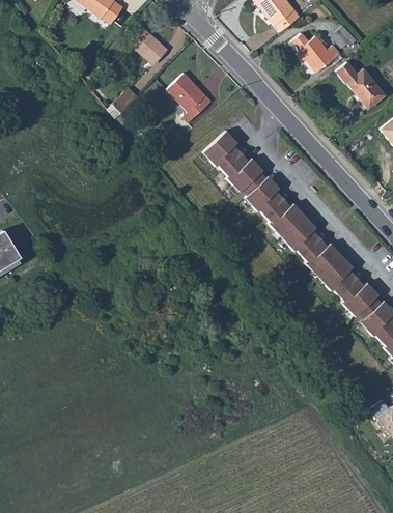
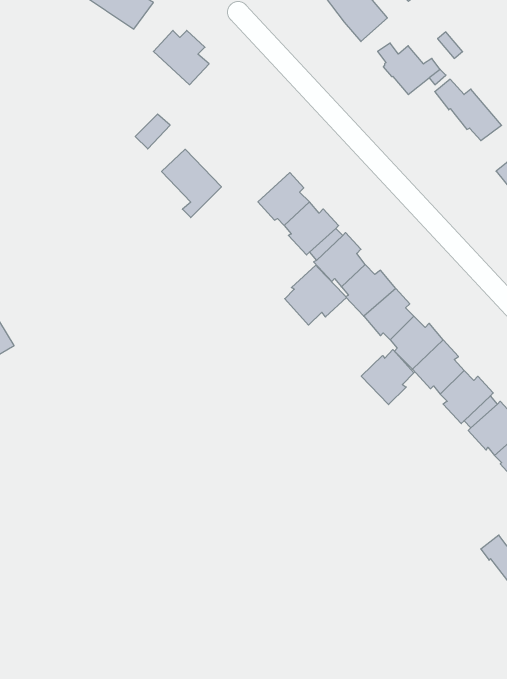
building: [166,73,210,123] -> [162,149,221,218]
building: none -> [285,265,346,325]
building: none -> [361,350,414,405]

